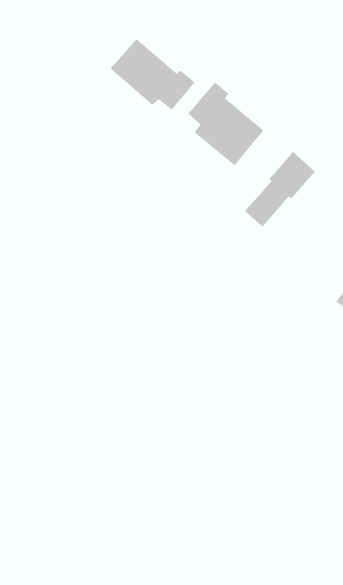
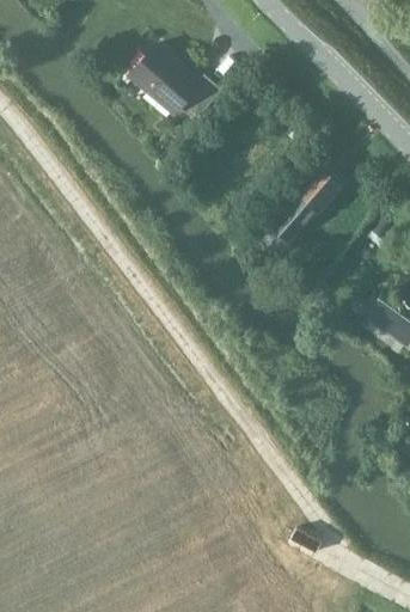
building: [188,82,264,166] -> none

